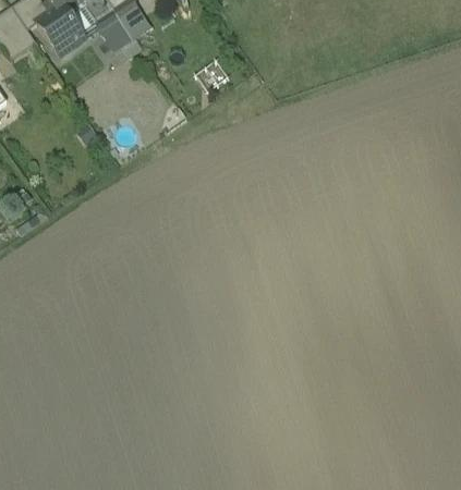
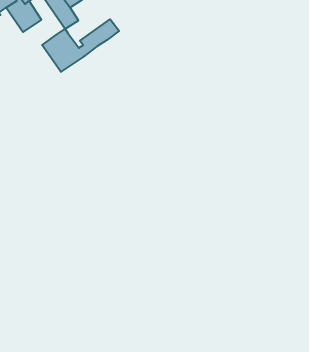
building: none -> [42,19,119,72]

